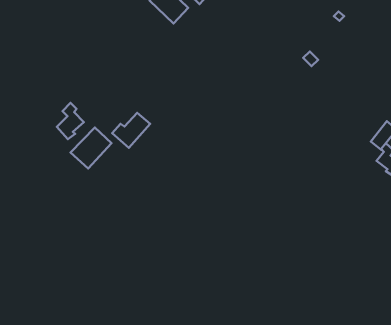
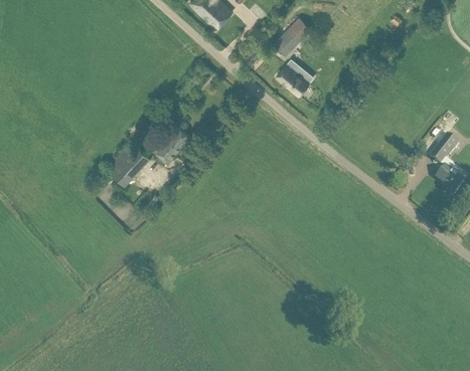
building: none -> [274,14,313,55]
building: none -> [276,59,308,96]
building: [57,103,84,139] -> none

